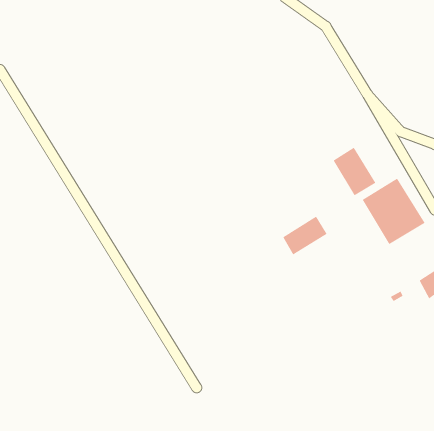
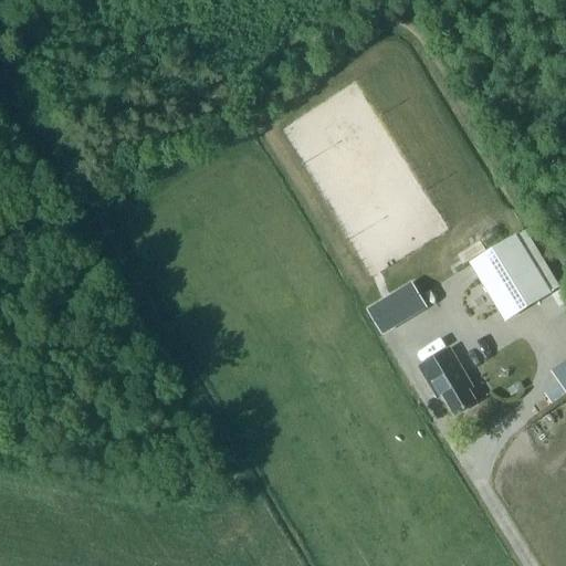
building: [333,147,376,196] -> none
building: none -> [419,347,476,415]

